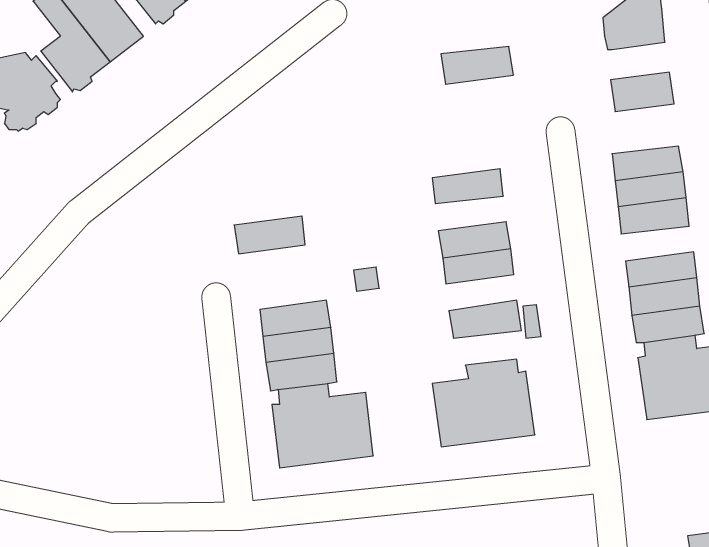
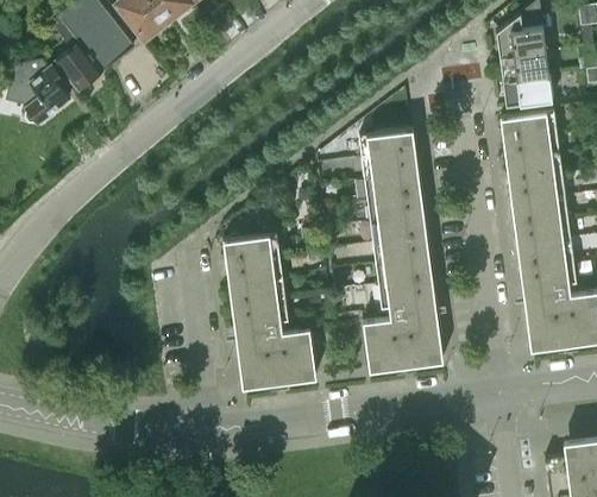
building: none -> [501,55,549,84]
building: [441,46,513,84] -> [359,132,416,162]
building: none -> [501,113,557,143]
building: none -> [365,176,421,203]
building: [234,216,305,254] -> [224,235,279,265]
building: none -> [511,200,568,227]
building: none -> [373,238,429,266]
building: none -> [379,282,435,310]

